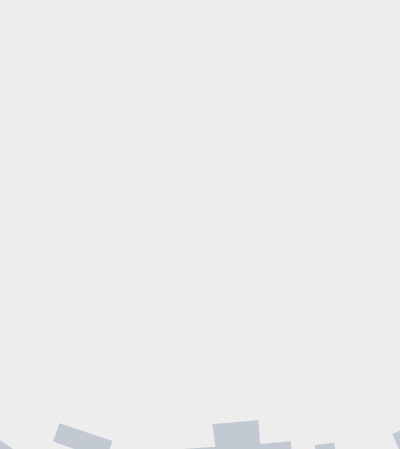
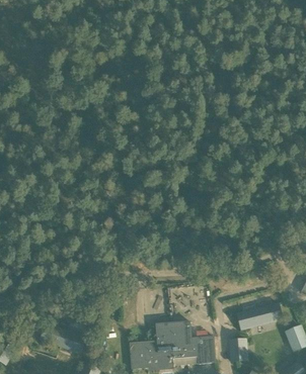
building: none -> [237,303,282,330]

